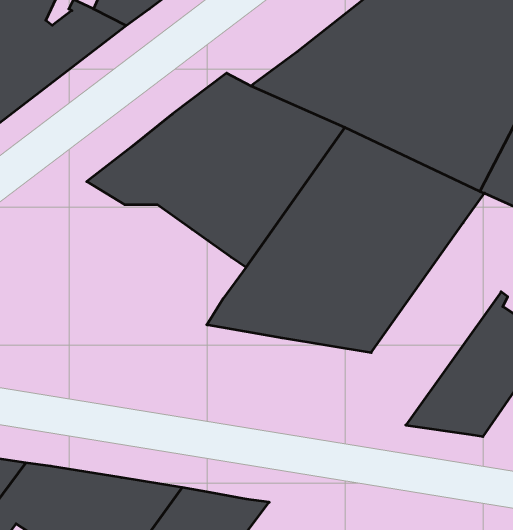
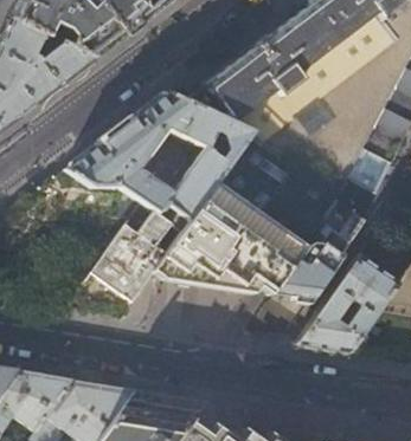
building: none -> [270,199,366,298]
building: none -> [68,212,169,316]

